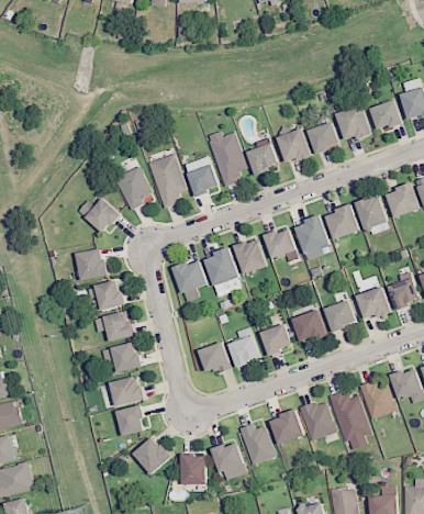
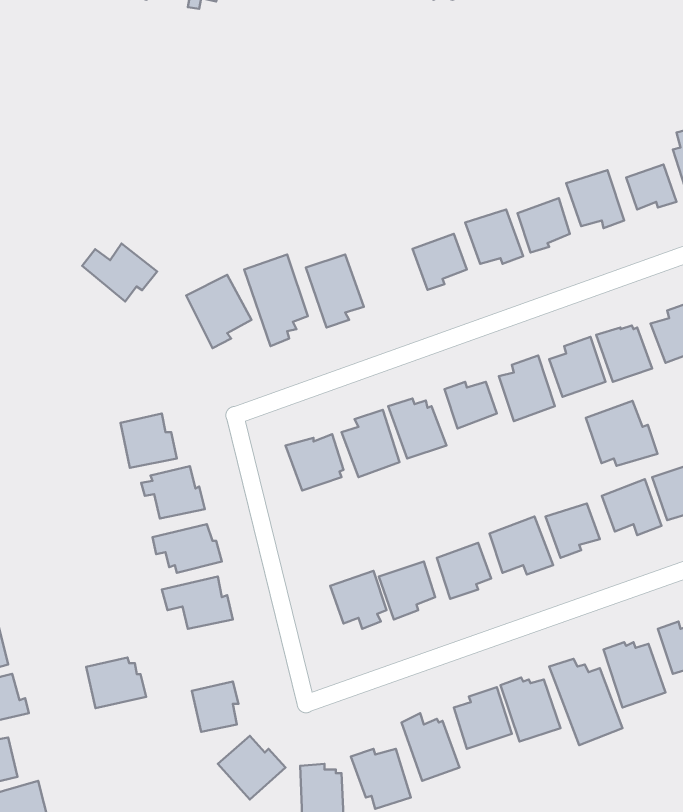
building: [207,131,245,187] -> none
building: [77,197,121,231] -> [82,243,157,301]
building: none -> [586,401,658,466]
building: [109,376,144,405] -> [86,657,146,708]

